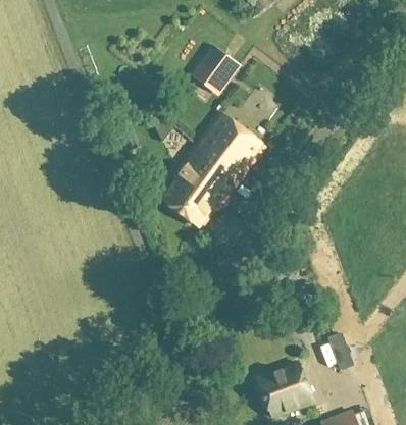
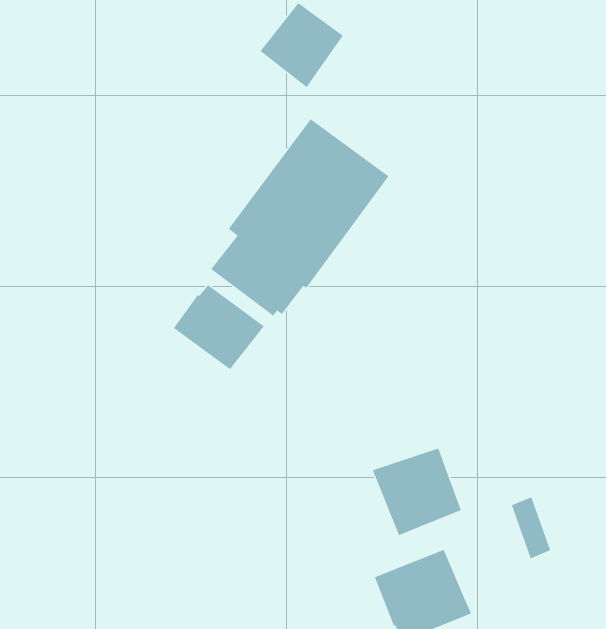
building: none -> [173,284,265,370]
building: none -> [372,447,462,536]

